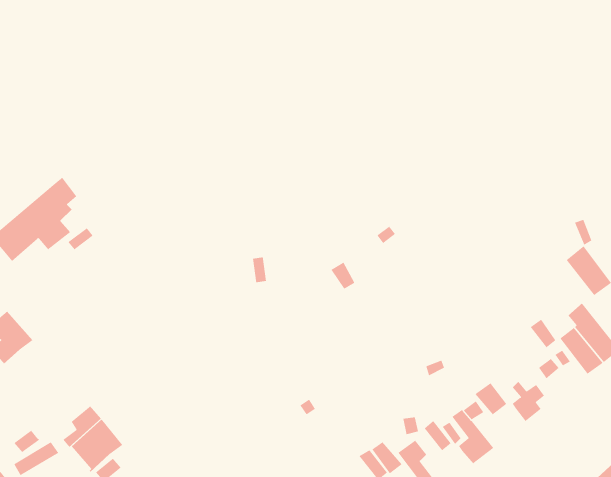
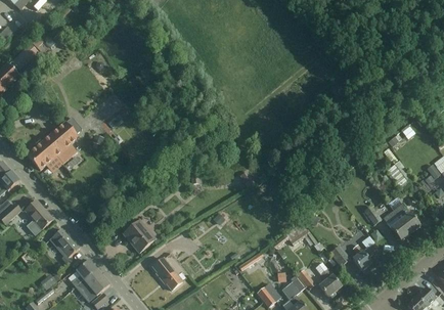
building: none -> [122,220,154,253]
building: none -> [48,228,78,264]
building: none -> [151,258,181,290]

